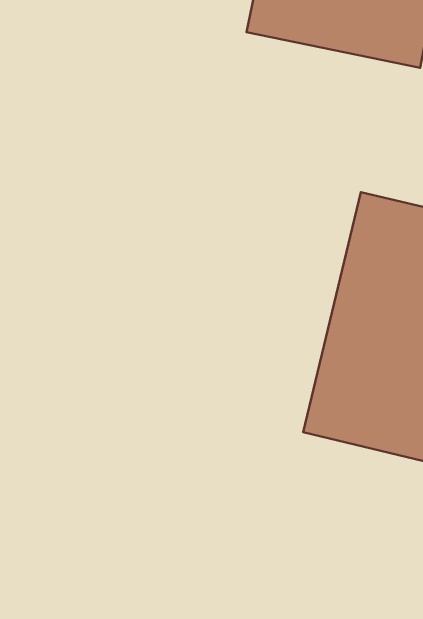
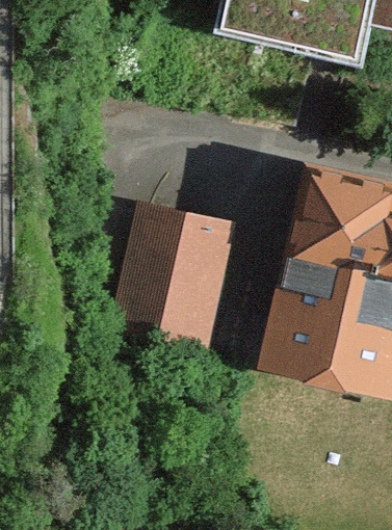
building: none -> [109,201,234,364]

